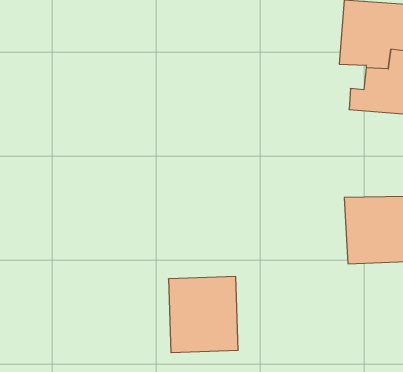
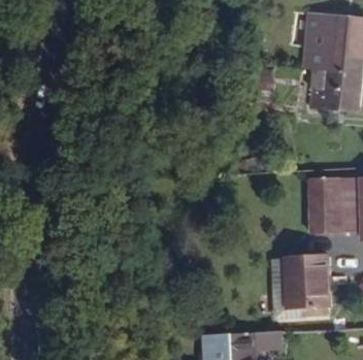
building: [168,277,238,353] -> [273,256,332,320]

